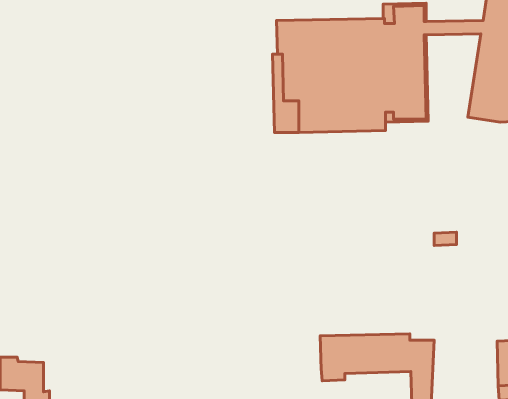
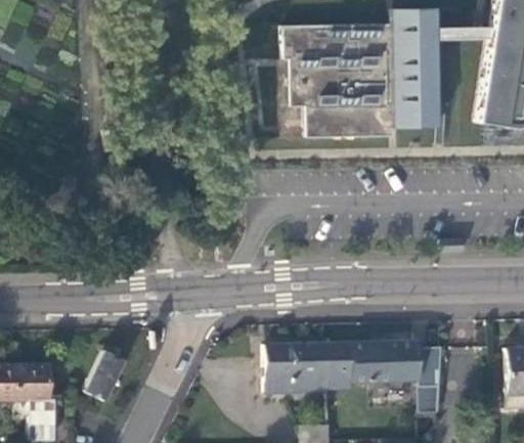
building: none -> [266,343,331,392]
building: none -> [87,350,126,400]

